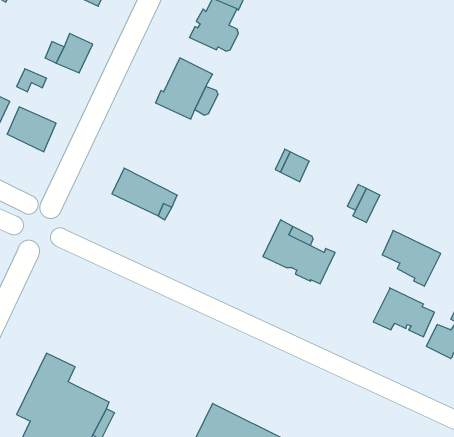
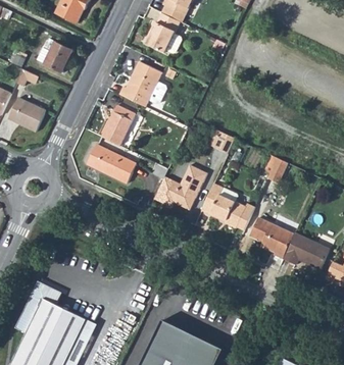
building: none -> [101,104,135,144]
building: none -> [153,164,206,208]
building: [382,230,441,286] -> [251,216,295,258]

